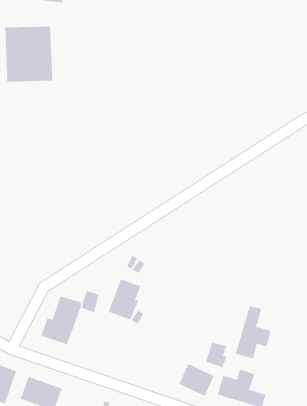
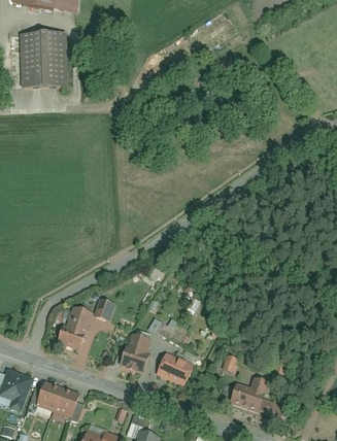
building: [108,279,141,320] -> [120,330,153,371]
building: [235,305,271,359] -> none
building: [178,363,215,396] -> [159,351,195,384]

